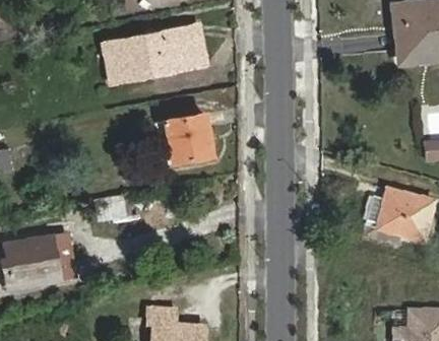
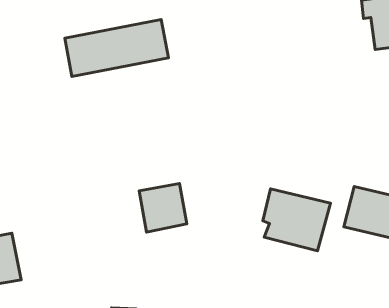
building: [166,114,212,161] -> [139,183,187,232]
building: none -> [263,189,331,251]

